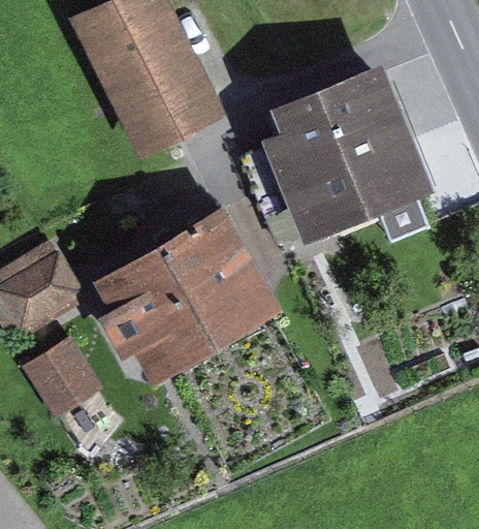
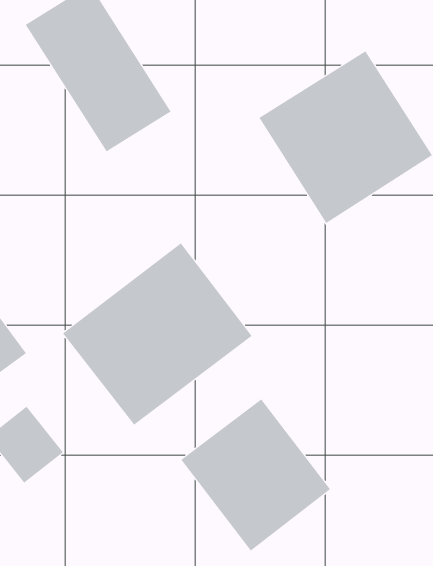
building: none -> [180,398,331,551]

